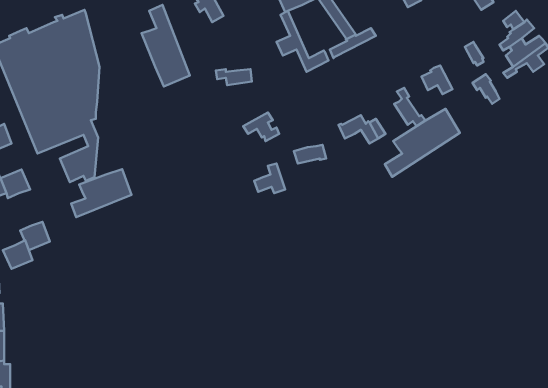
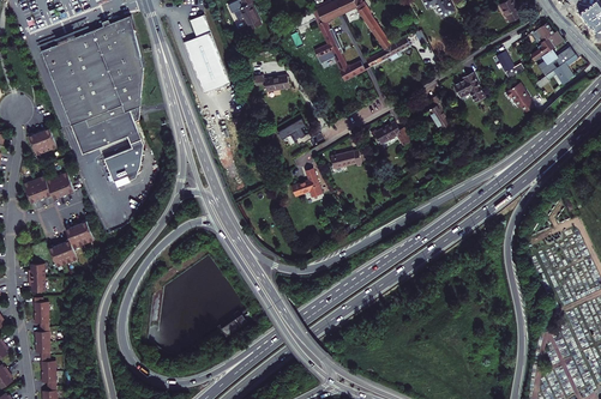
building: [385,109,460,177] -> none
building: [71,169,132,217] -> none

